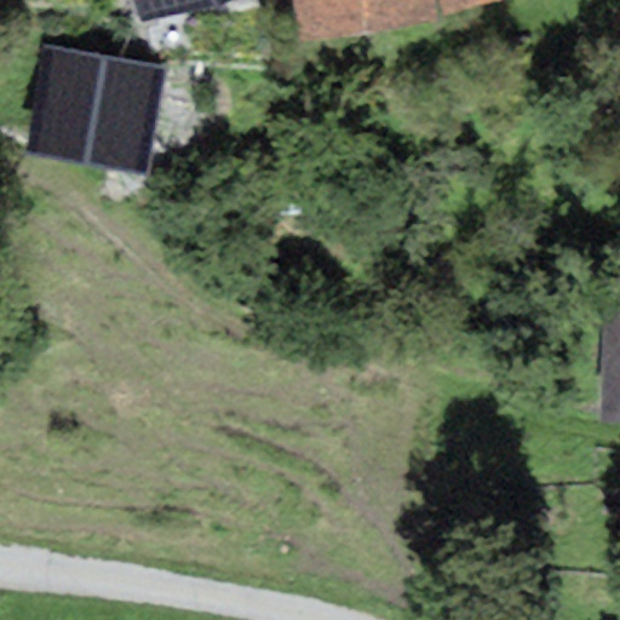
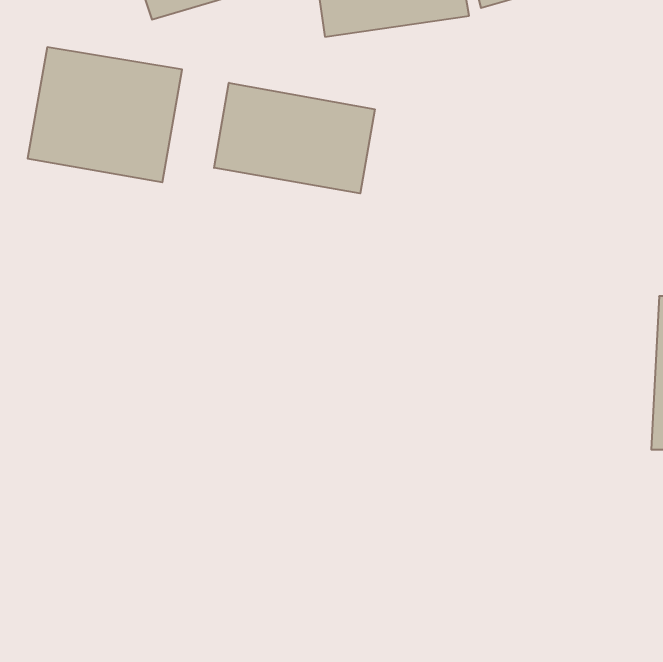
building: none -> [214,83,375,193]

